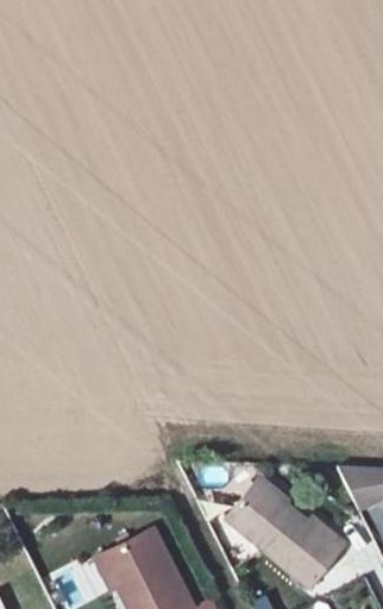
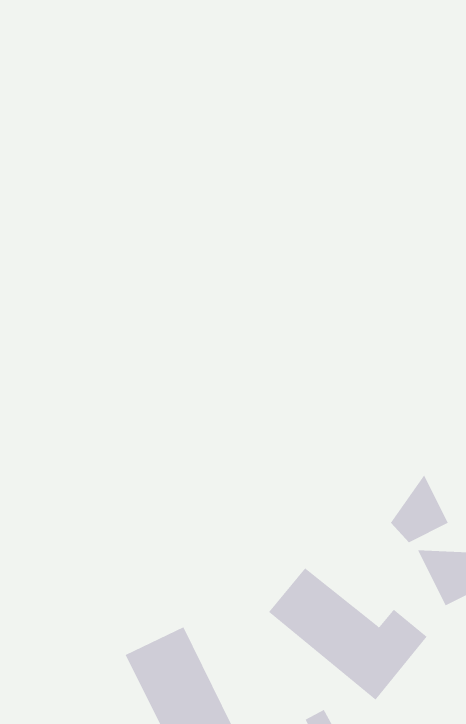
building: none -> [390,474,449,543]

